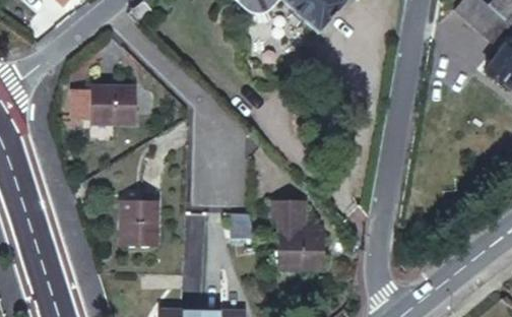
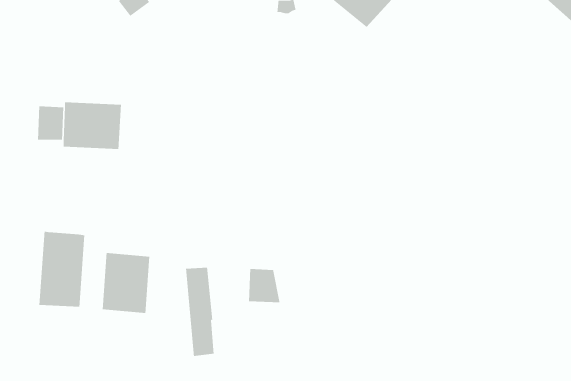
building: none -> [39,231,85,308]
building: [273,198,322,265] -> none

